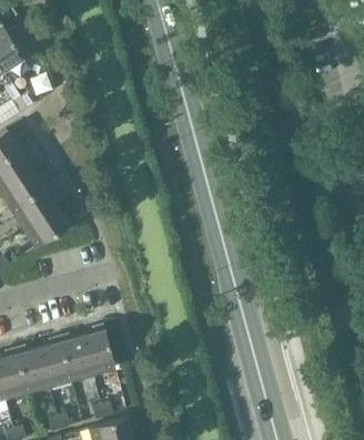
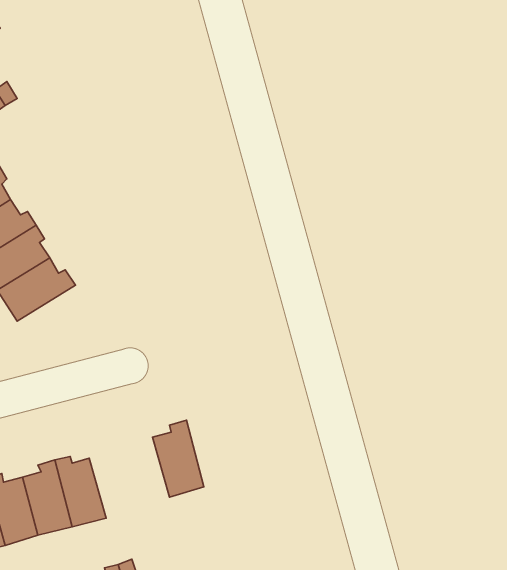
building: [81,326,114,376] -> [152,420,204,497]

